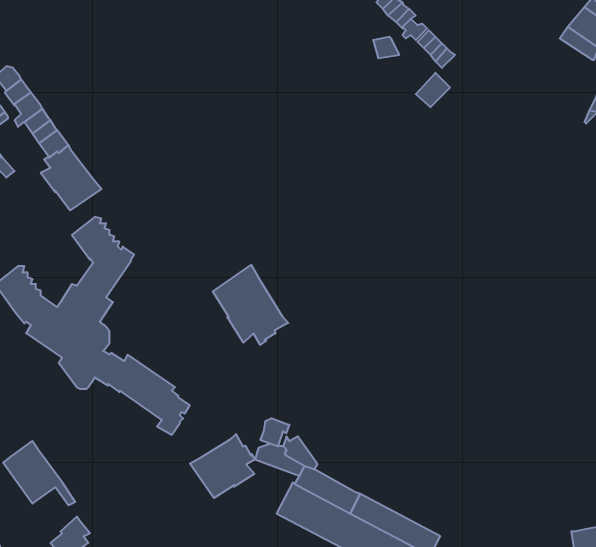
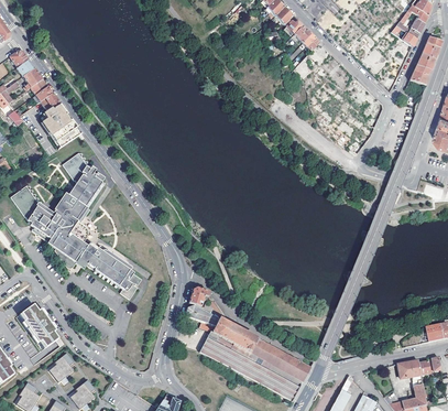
building: [213,265,288,345] -> none
building: [190,434,255,498] -> none

